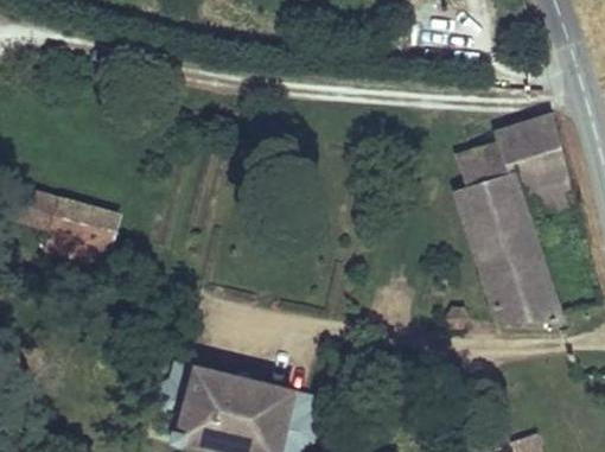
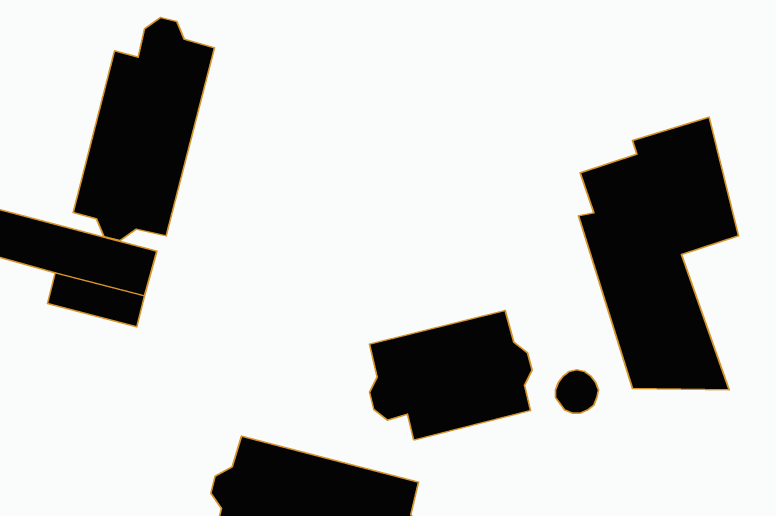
building: none -> [73,18,215,241]
building: none -> [369,310,532,440]

